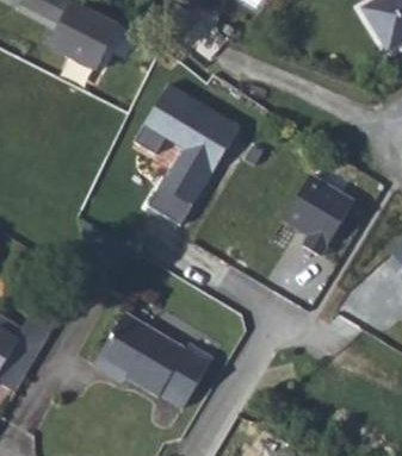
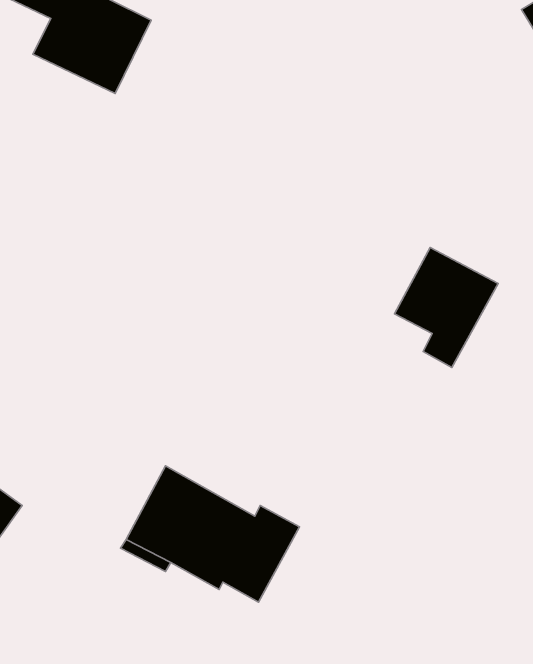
building: [132,81,237,217] -> none

